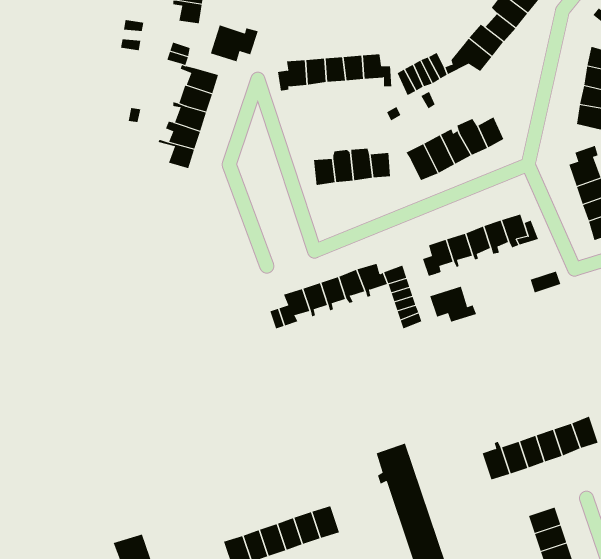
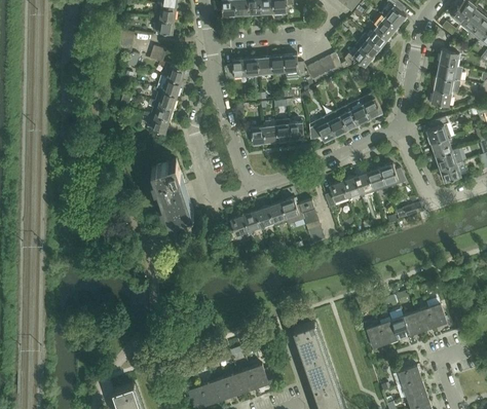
building: [210,25,259,62] -> none
building: none -> [151,159,193,219]
building: [429,286,477,323] -> none

